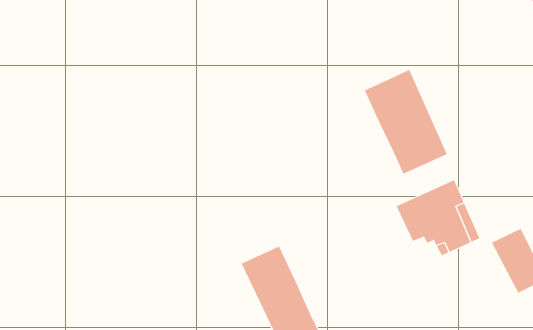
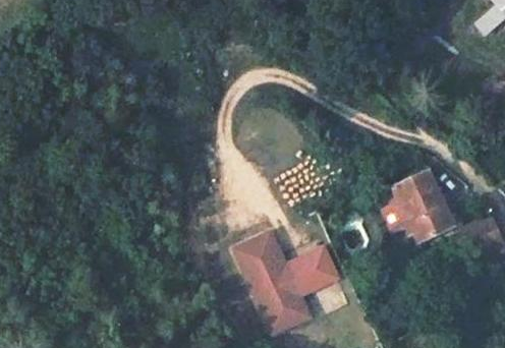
building: [364,69,448,175] -> none
building: none -> [284,249,335,296]

